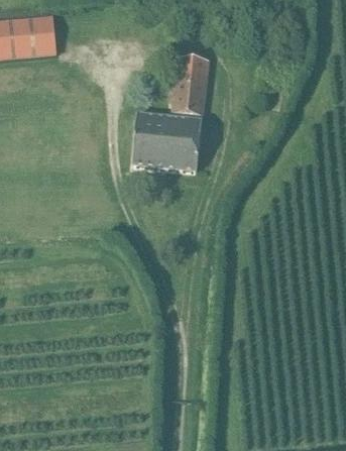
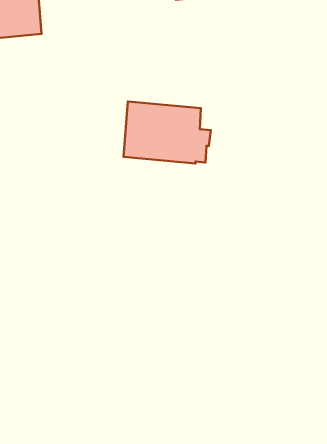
building: [171,55,210,114] -> none

